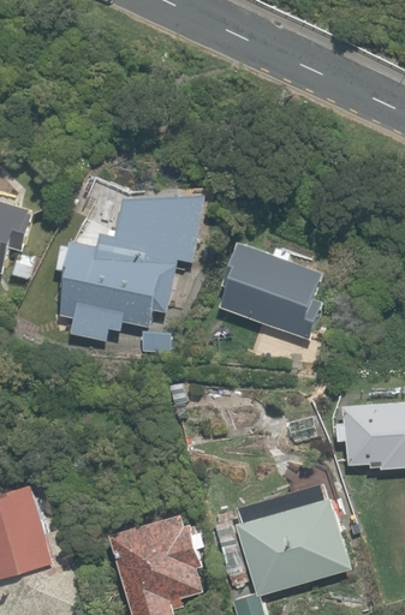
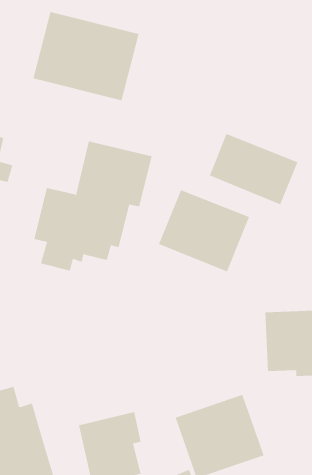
building: none -> [33,11,139,101]
building: none -> [209,133,298,205]

